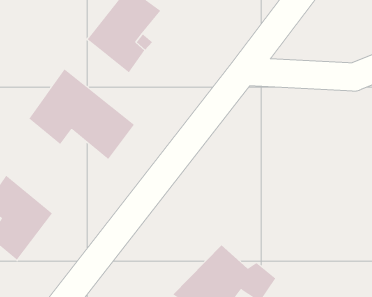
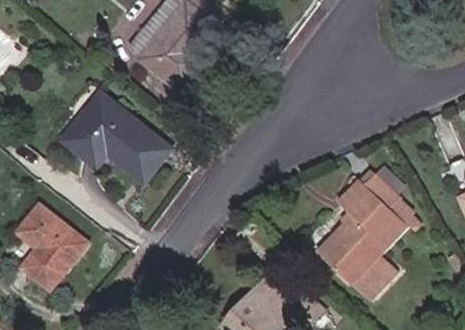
building: none -> [318,168,416,300]

